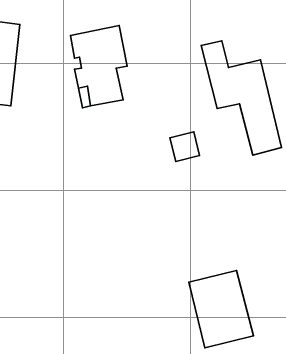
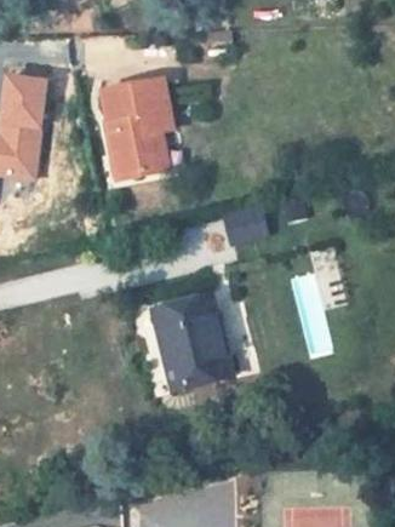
building: [201,41,282,155] -> none
building: [189,270,253,348] -> [154,297,233,391]

